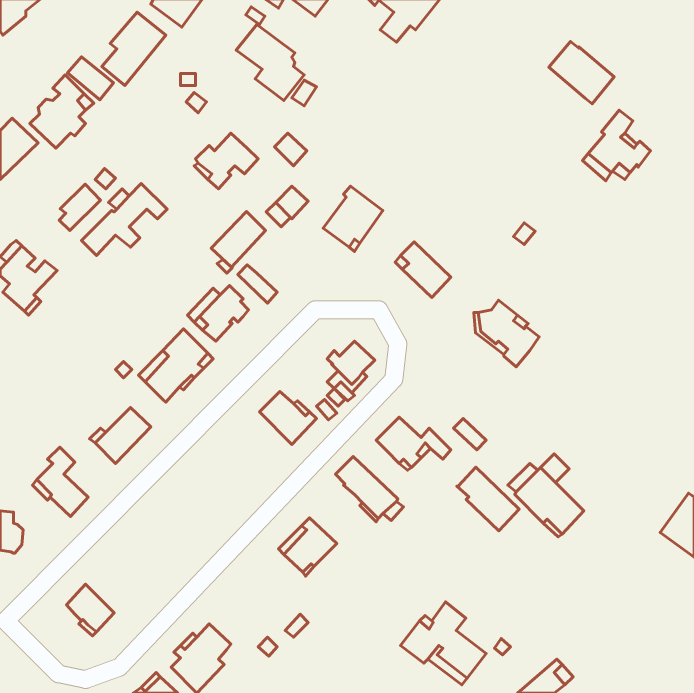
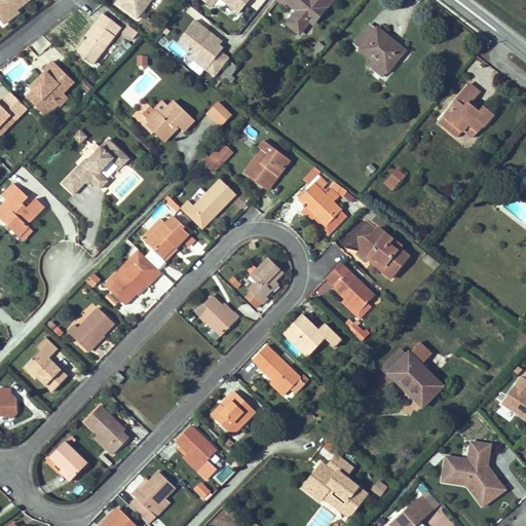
building: [549,41,614,104] -> [354,24,404,71]
building: [68,57,114,100] -> none
building: [59,184,100,231] -> none
building: [211,211,265,267] -> [194,179,235,221]
building: [457,467,519,531] -> [327,263,374,311]
building: none -> [85,406,128,454]
building: none -> [177,425,217,471]
building: none -> [441,439,508,509]

